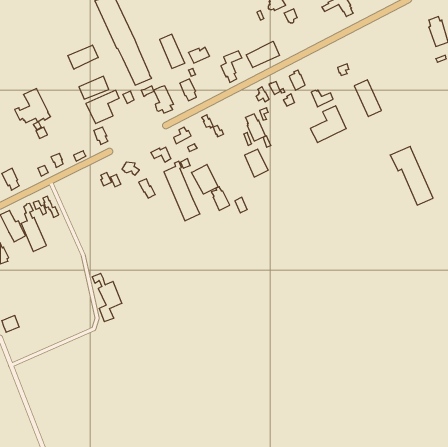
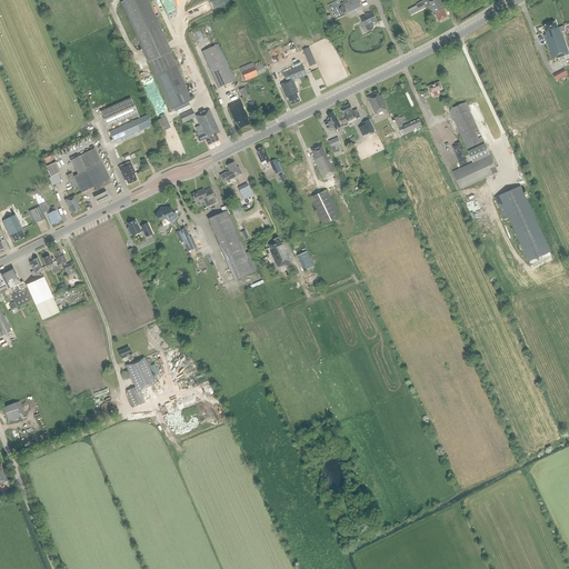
building: [246,41,280,68] -> none
building: [68,45,98,69] -> none
building: [15,89,51,123] -> [67,148,112,191]
building: [310,106,346,143] -> [452,142,498,189]
building: [191,164,218,194] -> none

